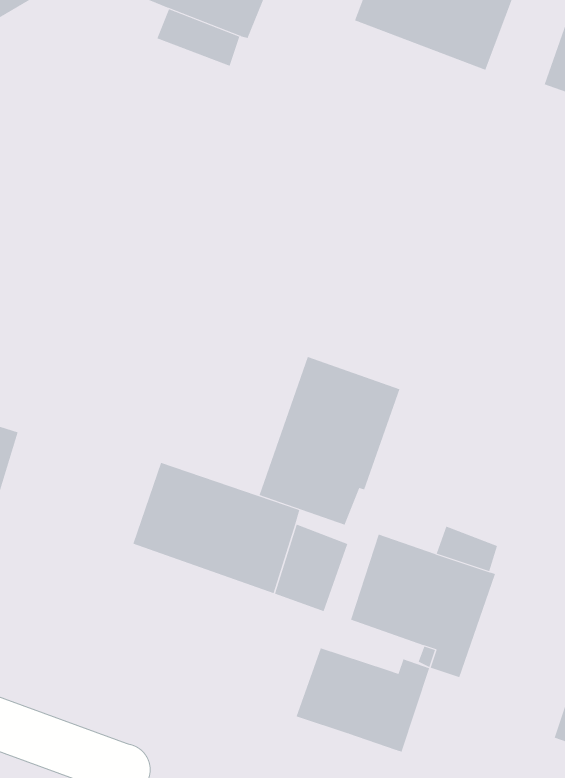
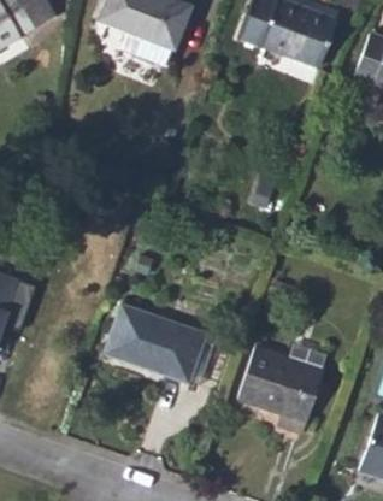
building: [259,356,400,526] -> none
building: [296,647,430,753] -> none

